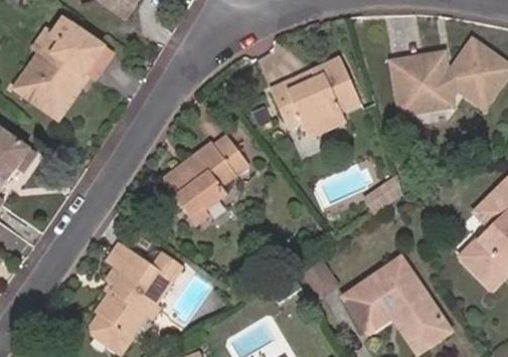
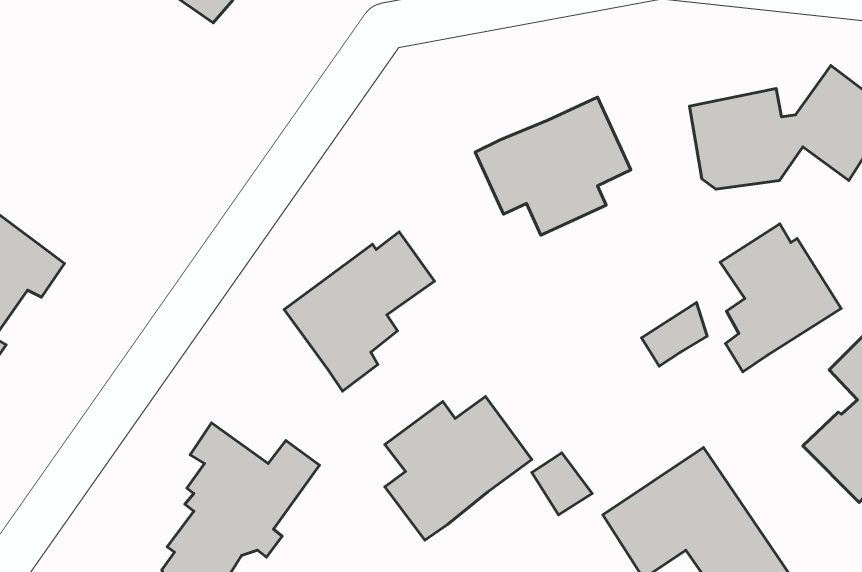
building: [13,18,111,118] -> none
building: none -> [720,224,841,372]
building: none -> [385,397,532,540]

